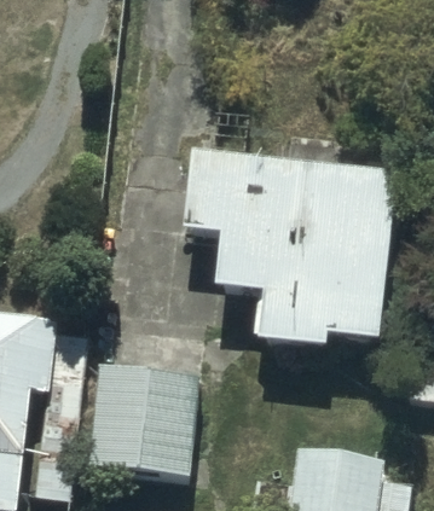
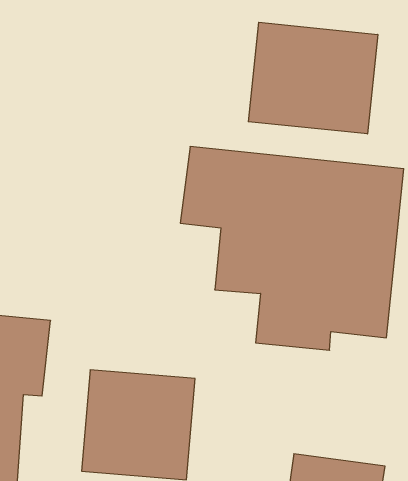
building: none -> [248,22,378,134]

